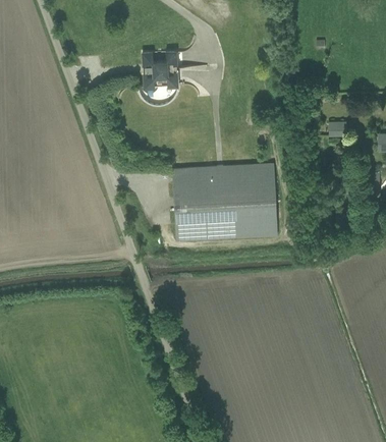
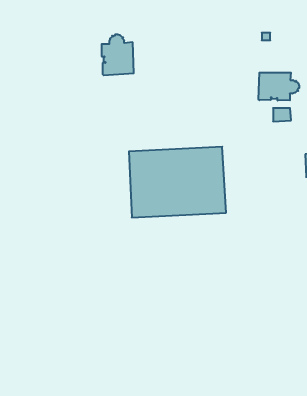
building: none -> [258,73,299,101]

